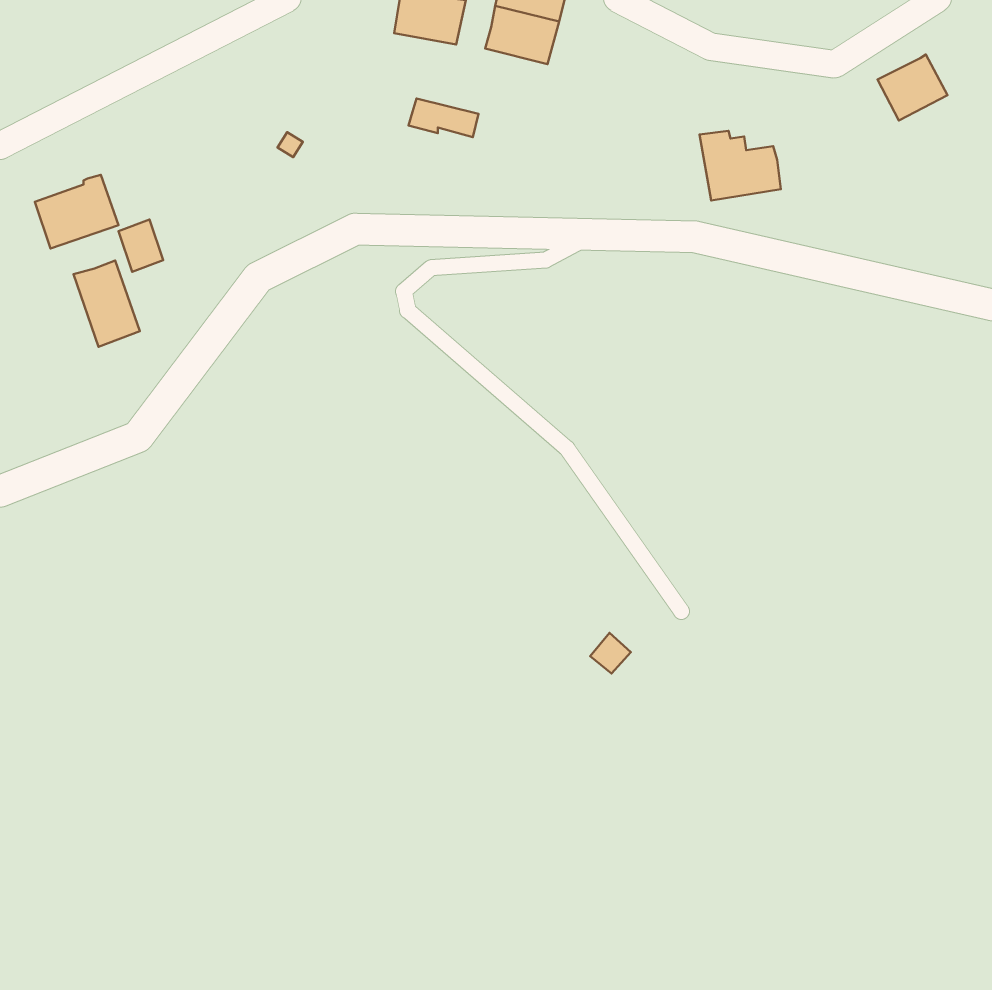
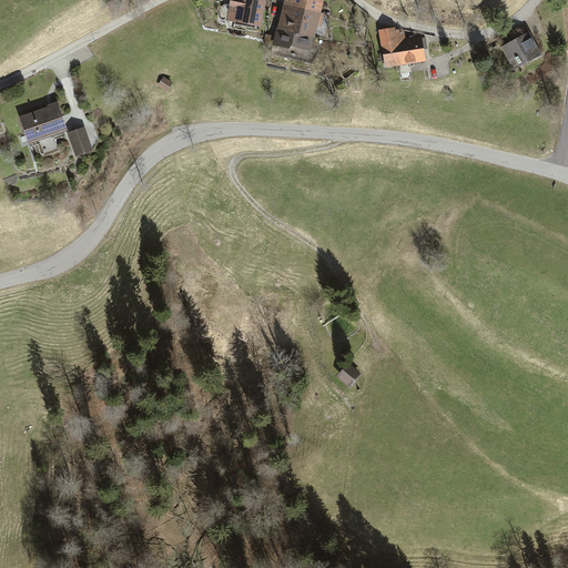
building: [409,98,479,137] -> [273,28,313,50]
building: [699,131,781,201] -> [378,27,425,67]
building: [73,261,140,347] -> none

